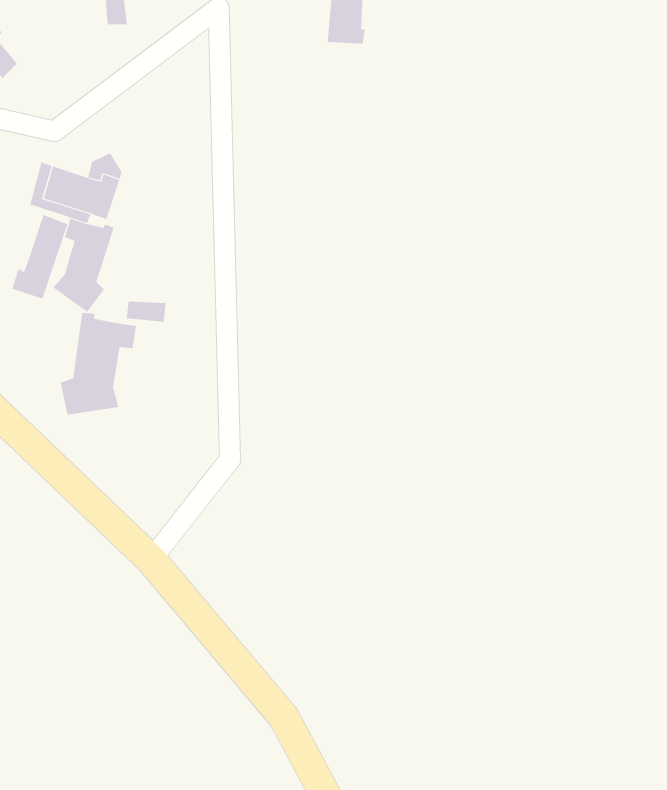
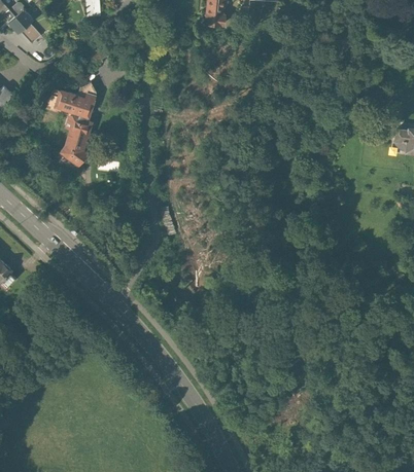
building: [11,214,68,300] -> none
building: [60,312,136,415] -> none

